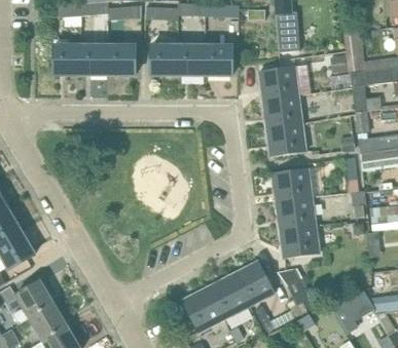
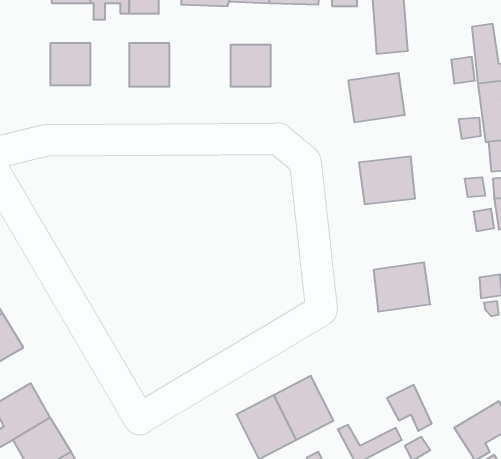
building: [81,44,108,74] -> none
building: [151,45,178,74] -> none
building: [206,45,232,74] -> none
building: [263,93,302,126] -> none
building: [273,167,312,200] -> none
building: [280,224,319,257] -> none
building: [233,260,275,304] -> none

